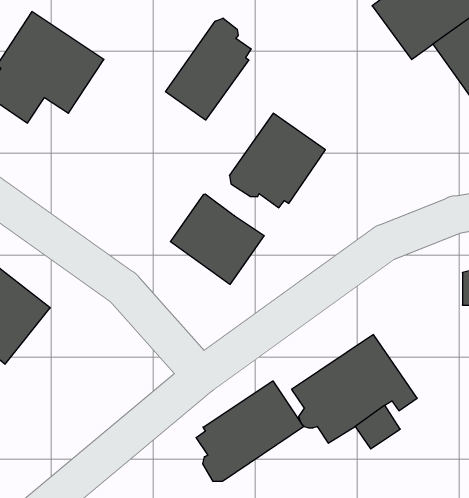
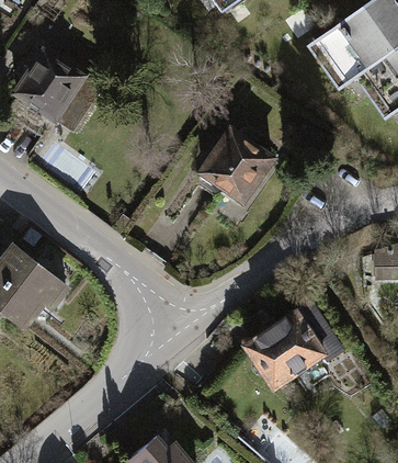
building: [166,18,251,120] -> none
building: [170,194,264,284] -> none
building: [196,381,304,481] -> none

